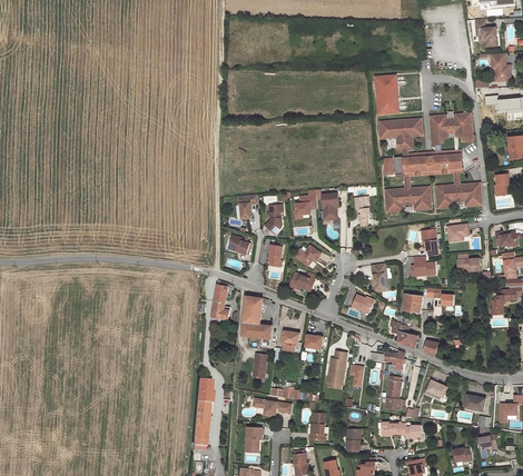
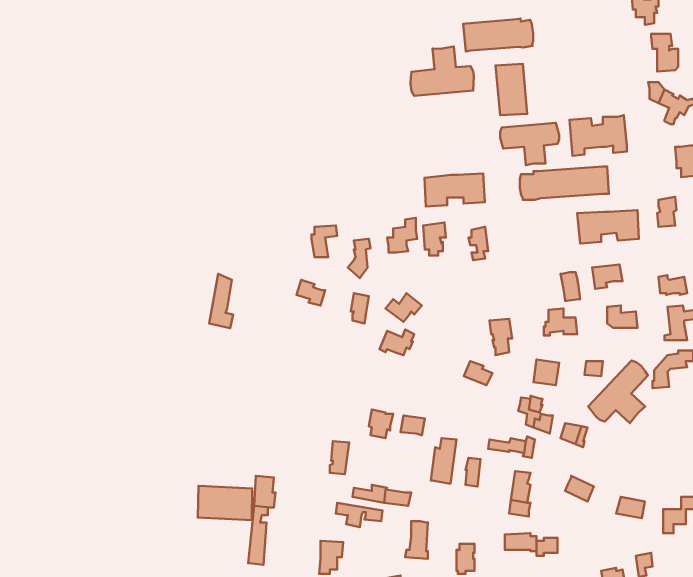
building: none -> [463,18,533,51]
building: none -> [410,46,474,96]
building: [385,187,430,211] -> [424,173,485,207]
building: [211,280,229,320] -> [209,274,233,328]
building: none -> [588,360,648,423]
building: [241,296,272,346] -> none
building: none -> [198,486,252,520]

